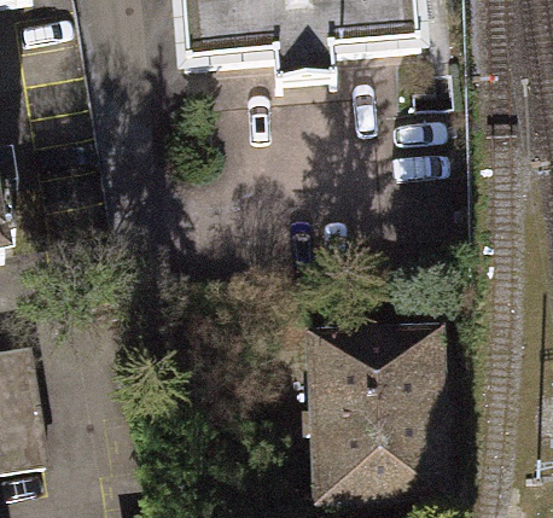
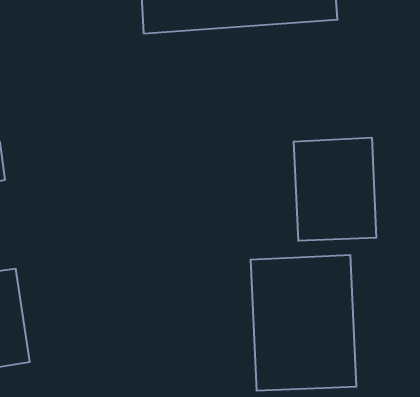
building: none -> [294,138,376,241]

